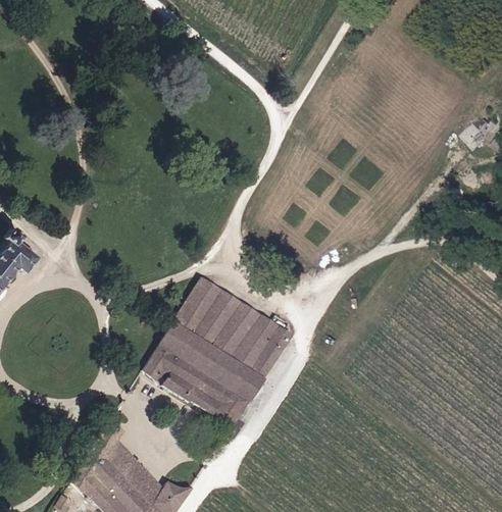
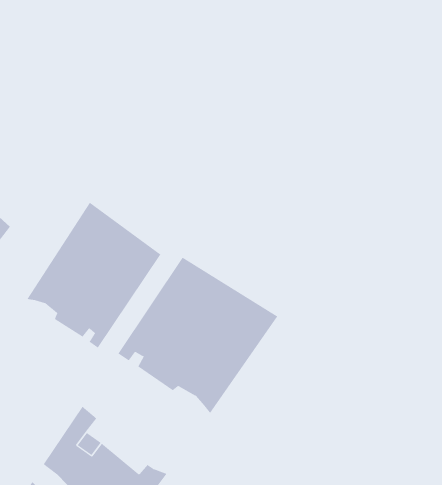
building: none -> [26,202,161,349]

